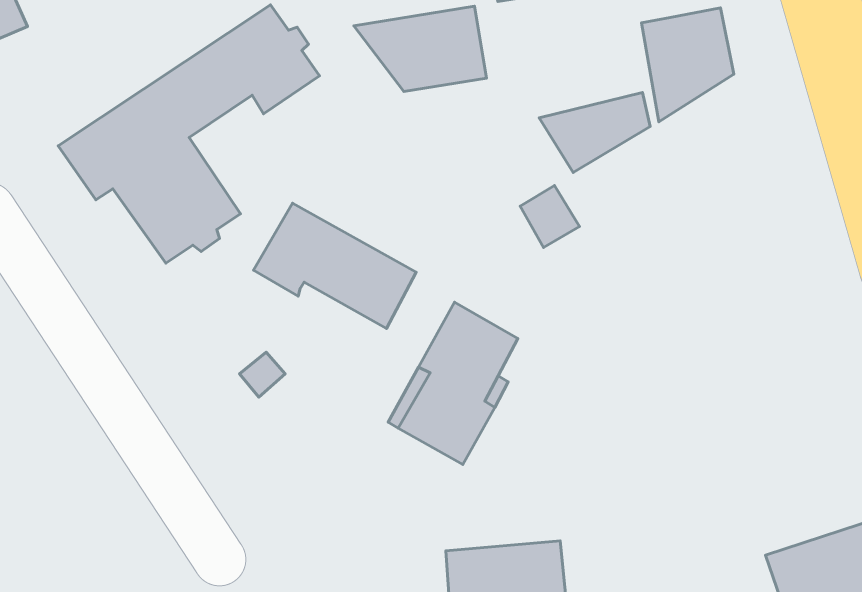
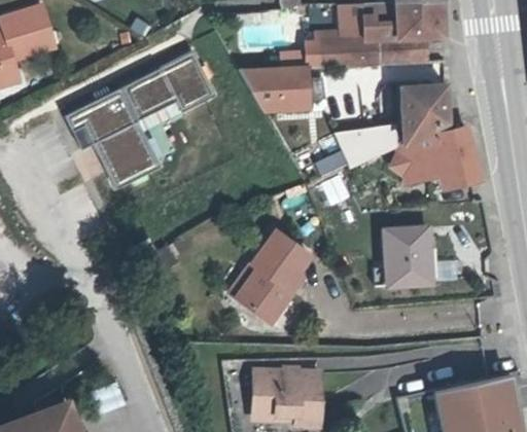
building: none -> [393,121,480,186]
building: [254,203,416,329] -> none
building: none -> [385,227,431,285]

